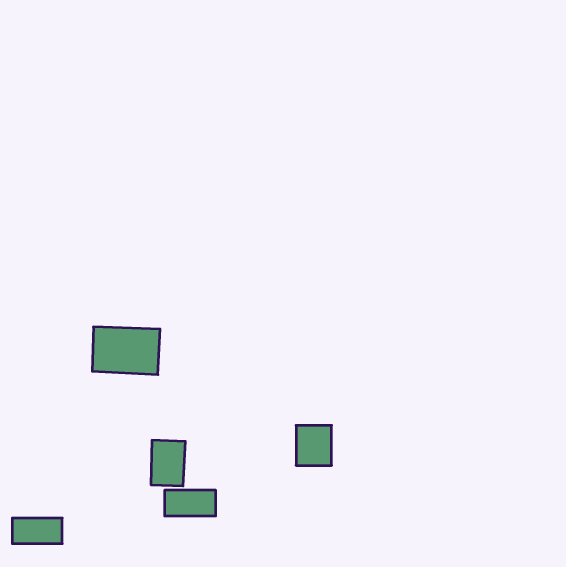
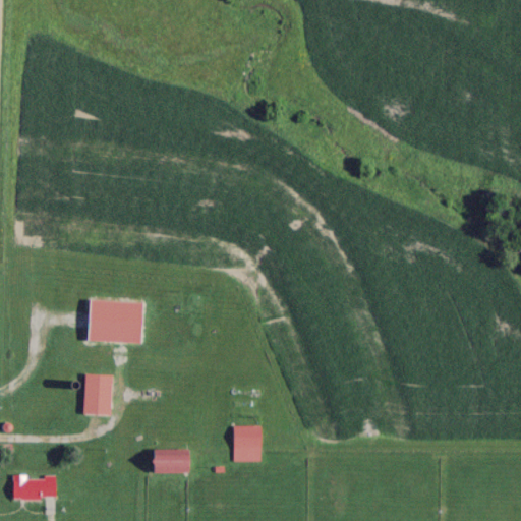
building: [296,425,332,465] -> [230,424,263,461]
building: [151,440,185,486] -> [82,373,114,415]

